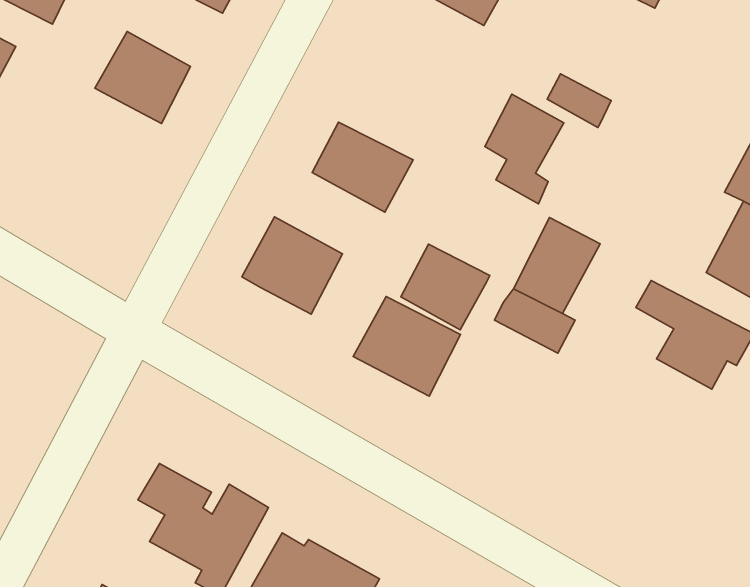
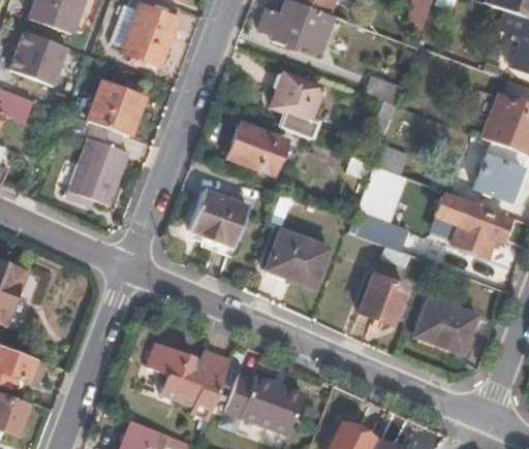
building: none -> [72,122,128,191]
building: [485,94,564,204] -> [272,71,318,136]
building: [401,244,490,330] -> none
building: none -> [360,275,405,322]
building: none -> [415,296,483,355]

